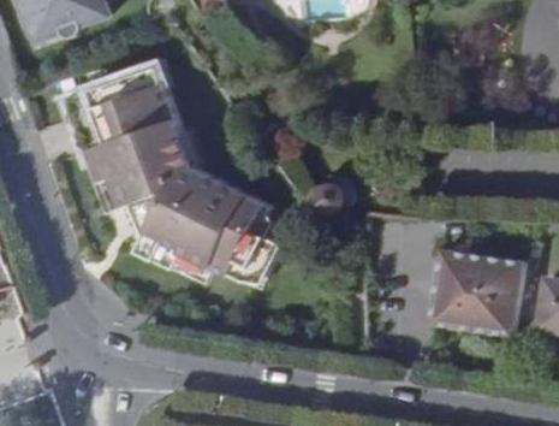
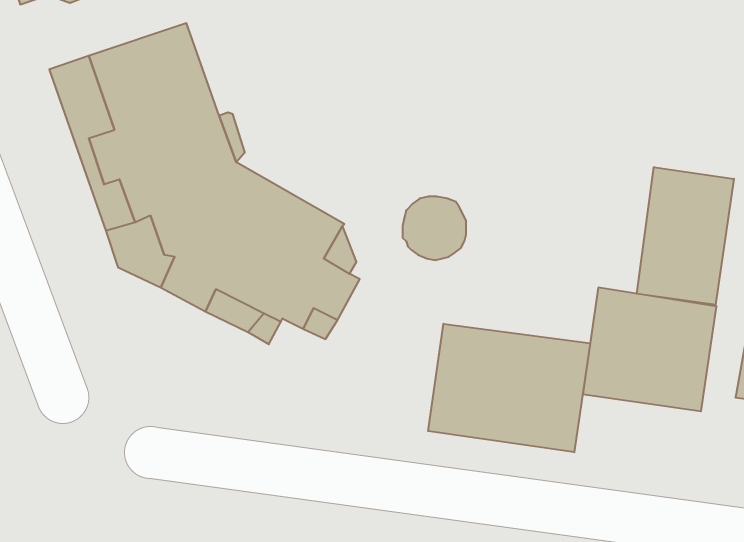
building: none -> [637,167,734,305]
building: none -> [428,324,590,452]

